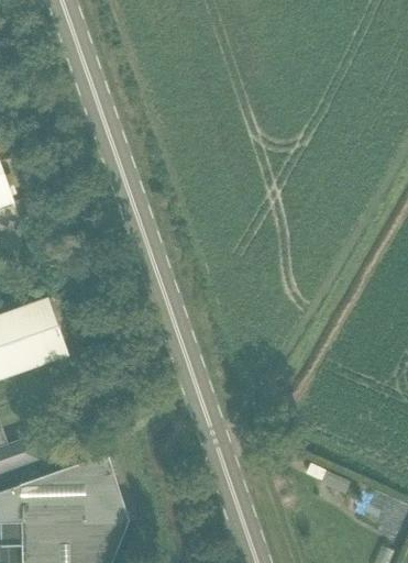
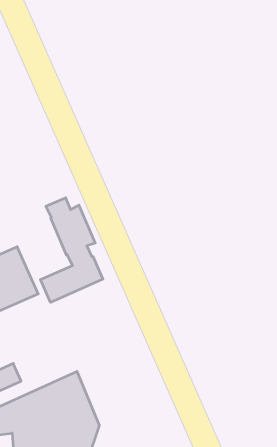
building: none -> [40,198,103,302]

